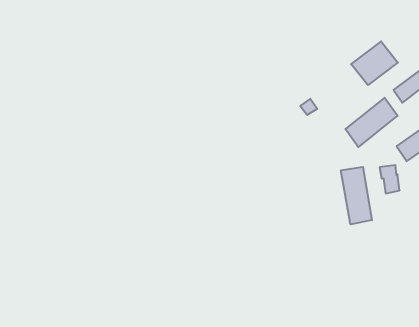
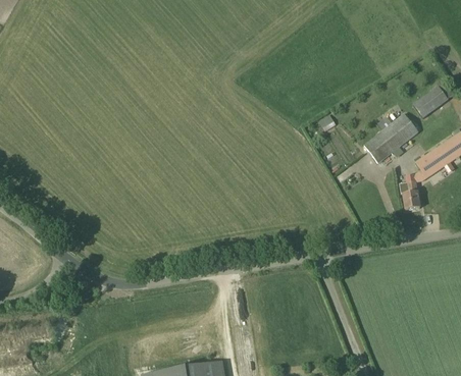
building: [351,41,398,85] -> none
building: [341,167,372,224] -> none

